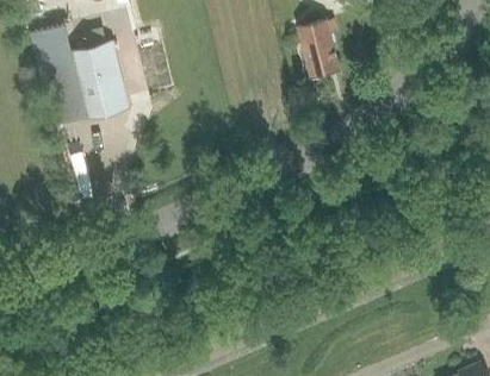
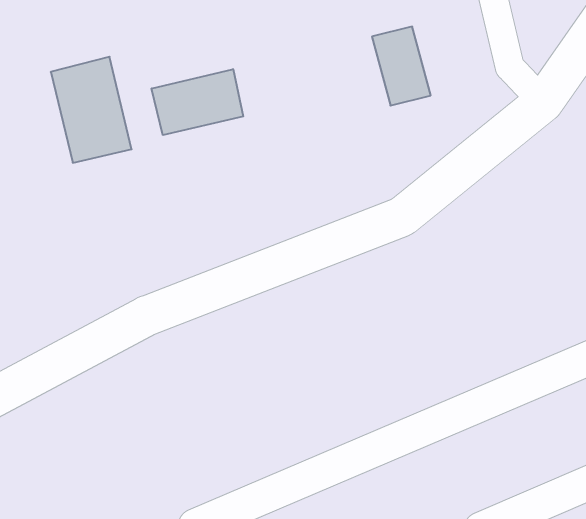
building: none -> [152,69,243,135]

